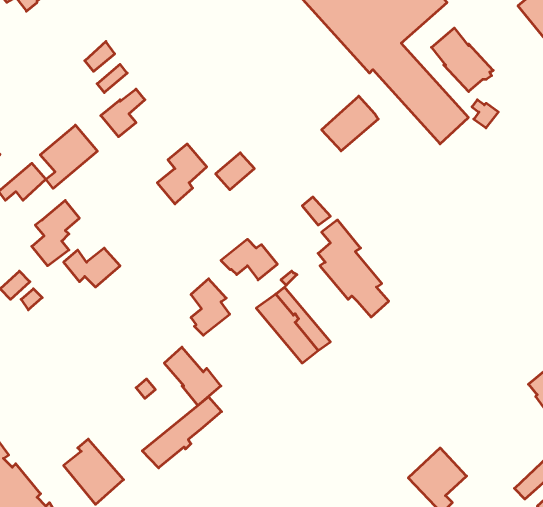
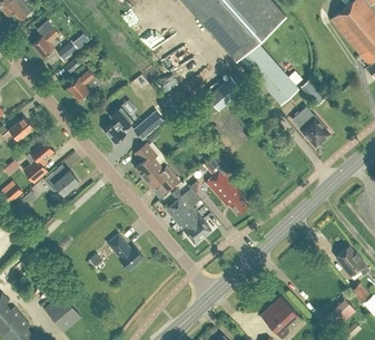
building: none -> [32,20,59,57]
building: [431,28,493,92] -> [293,106,332,146]
building: [40,125,97,188] -> none
building: [191,279,230,335] -> [136,143,160,178]
building: [142,397,222,468] -> none

